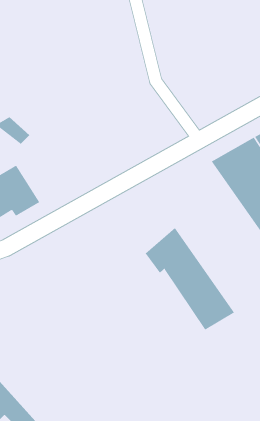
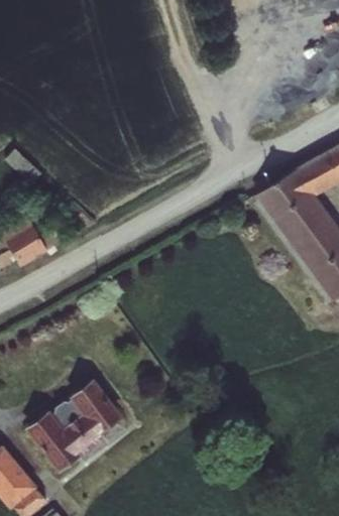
building: [145,227,235,331] -> none
building: none -> [29,382,124,475]

